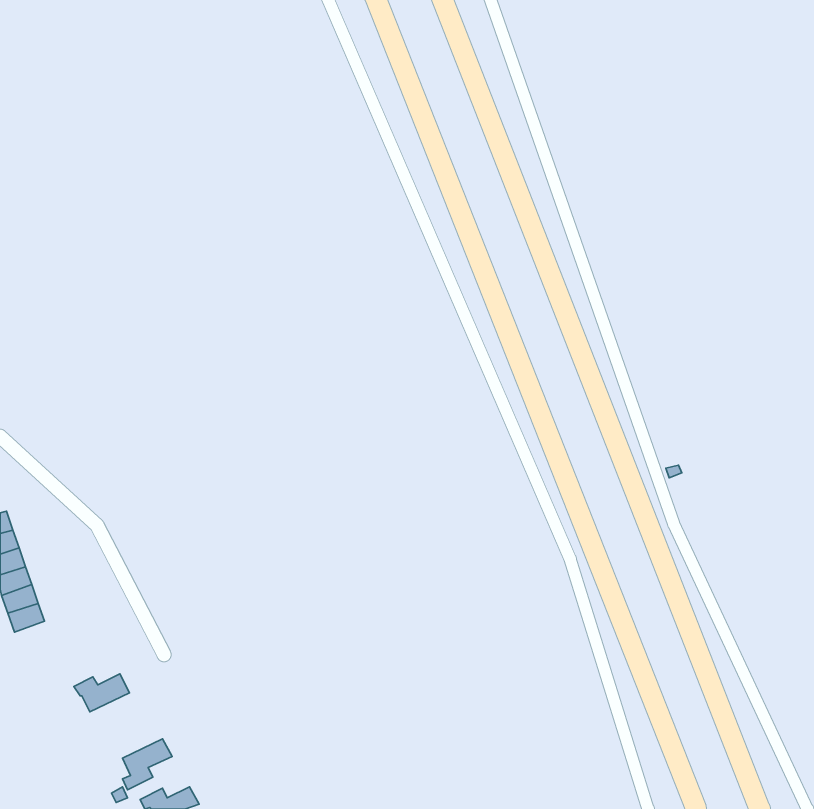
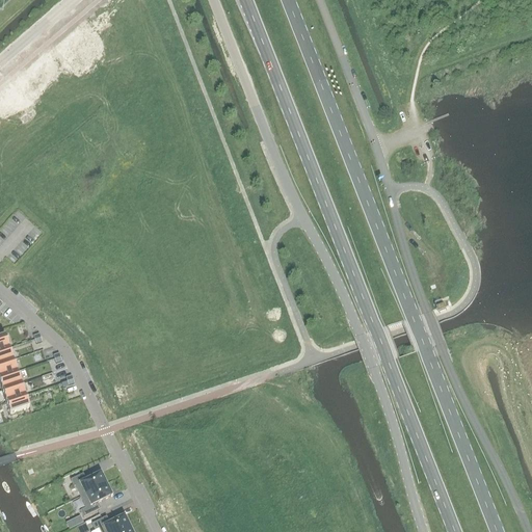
building: [74,674,130,712] -> [70,470,106,495]

